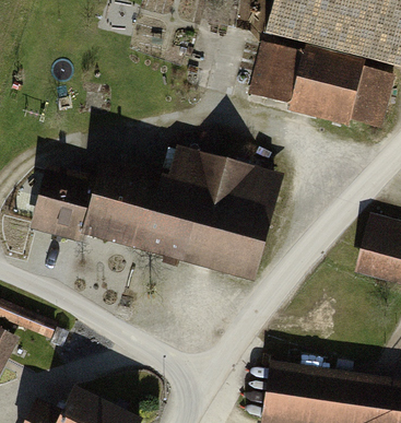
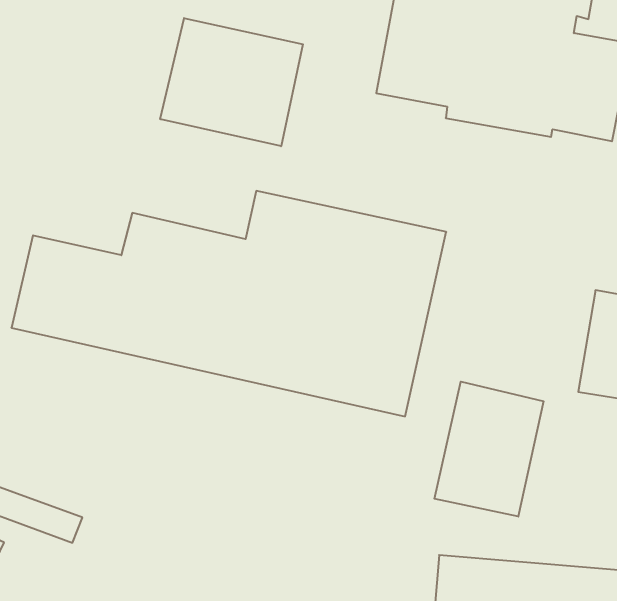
building: none -> [160,18,303,146]
building: none -> [434,382,544,517]

